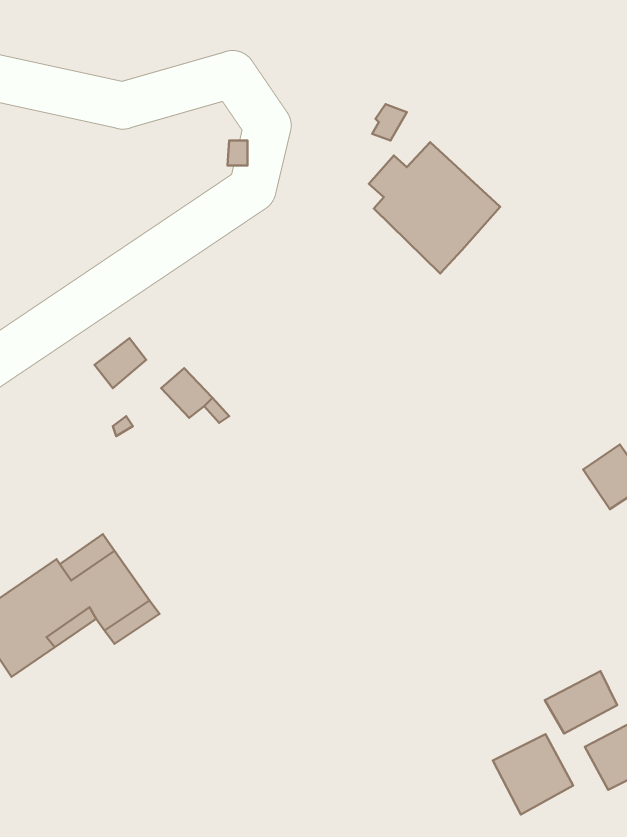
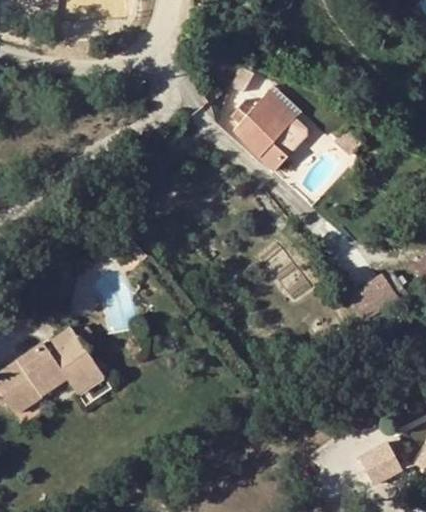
building: [545,671,617,733] -> none
building: [493,734,573,814] -> none

